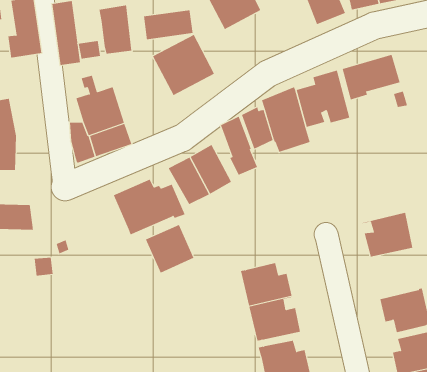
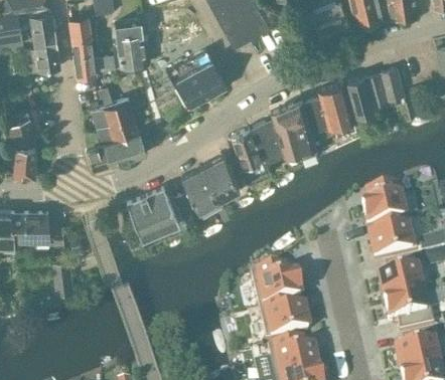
building: [143,9,193,40] -> none
building: none -> [361,188,418,231]
building: [145,224,194,273] -> none
building: none -> [379,262,421,305]

